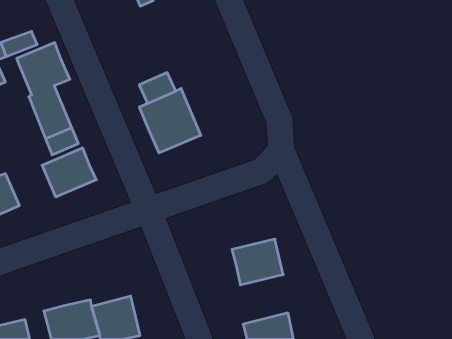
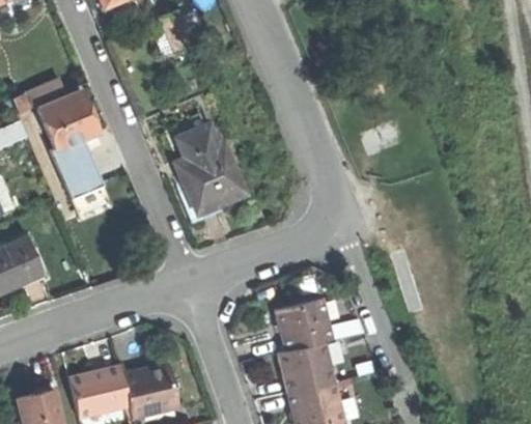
building: [42,148,96,197] -> none
building: none -> [280,346,339,400]

